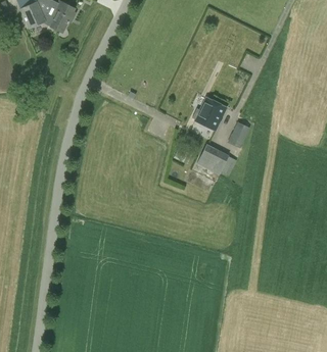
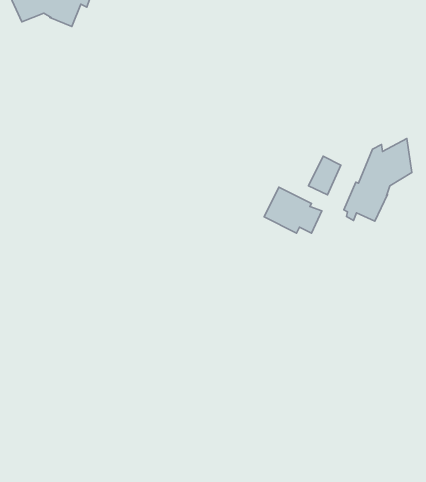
building: [192,97,226,129] -> none
building: none -> [344,139,412,221]

